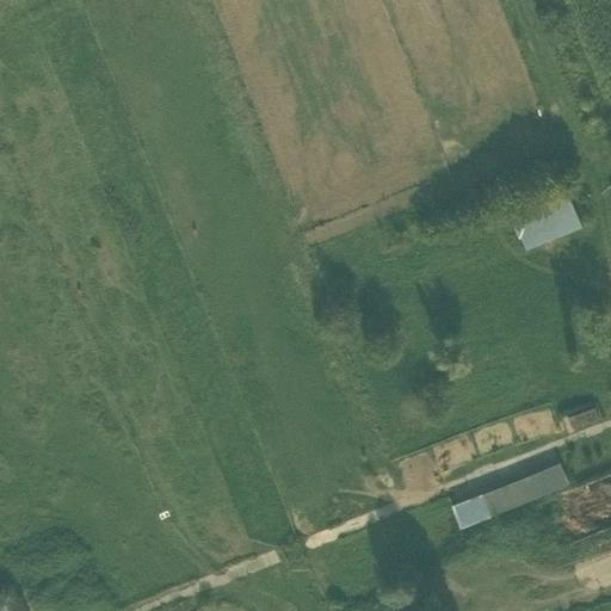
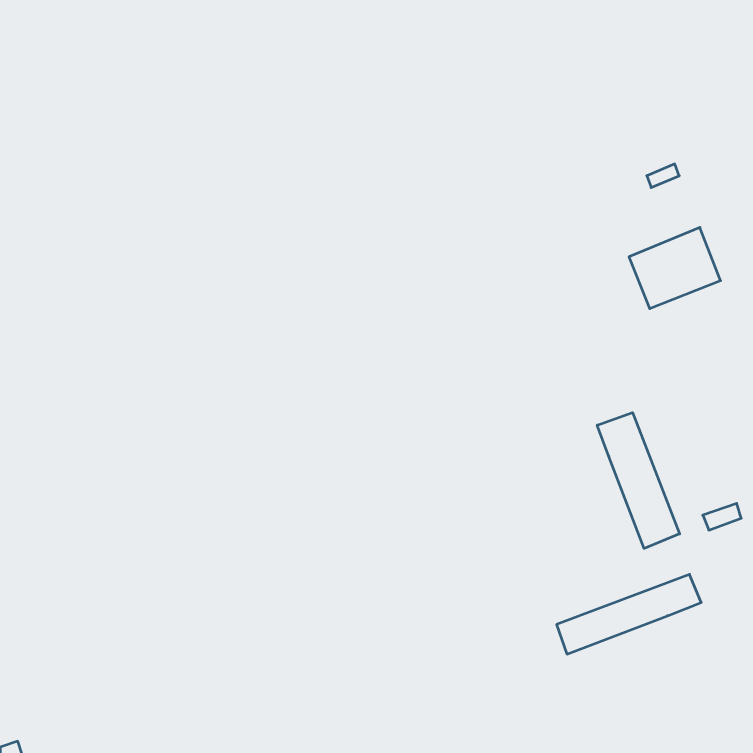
building: none -> [597,413,680,548]

